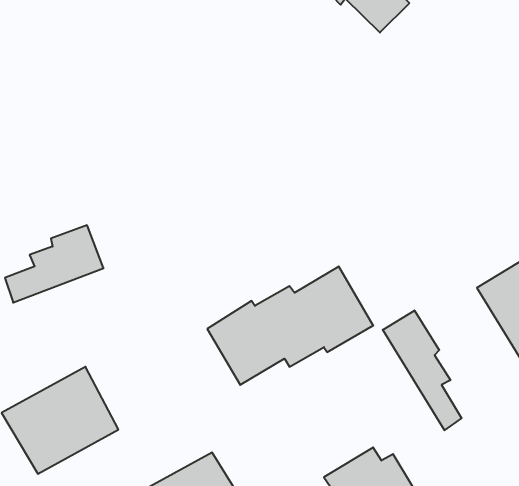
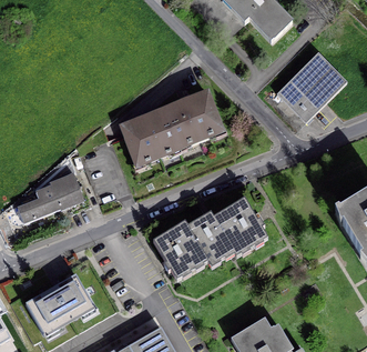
building: none -> [277,54,348,124]
building: none -> [120,89,230,165]
building: [383,310,462,430] -> none

